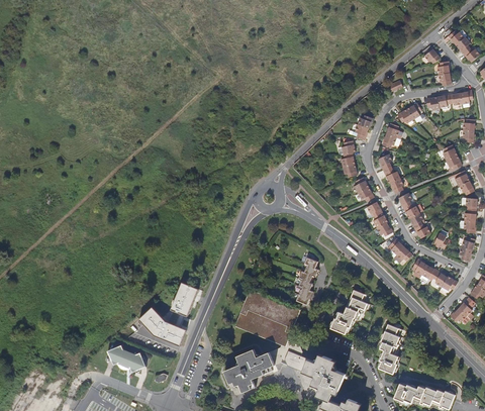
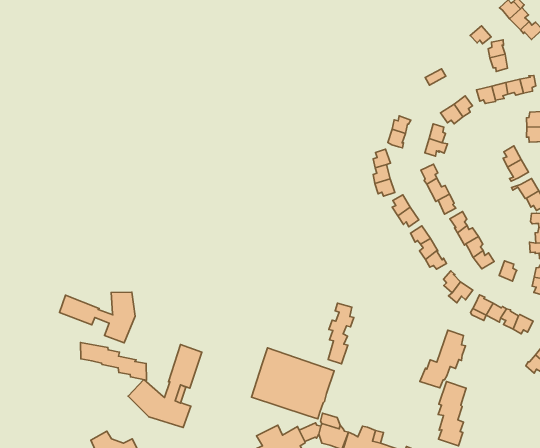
building: none -> [59,292,135,343]
building: none -> [80,342,146,380]
building: [329,289,367,333] -> [420,330,466,388]

